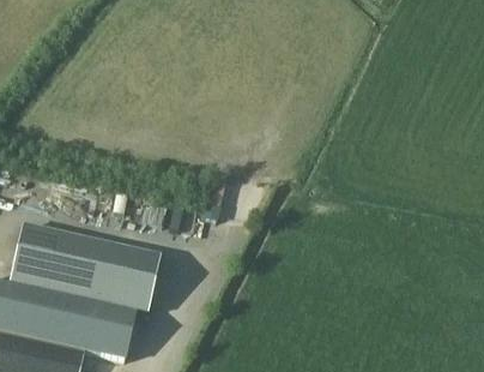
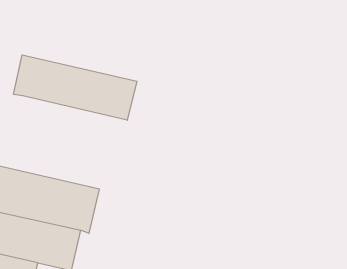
building: none -> [13,55,137,120]

